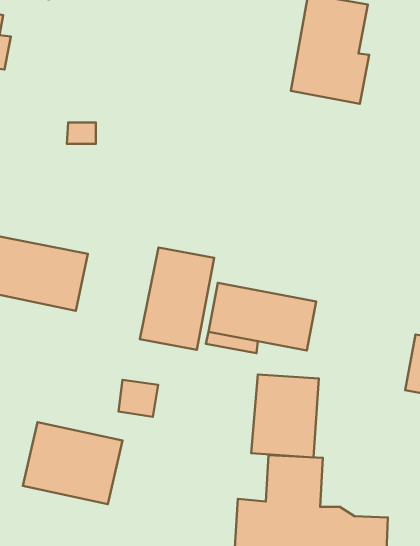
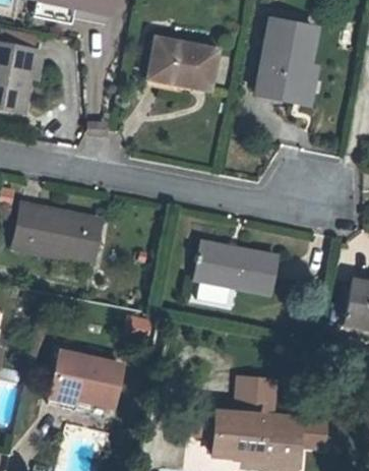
building: none -> [146,37,218,91]
building: [140,247,214,350] -> none
building: [251,374,319,457] -> none

